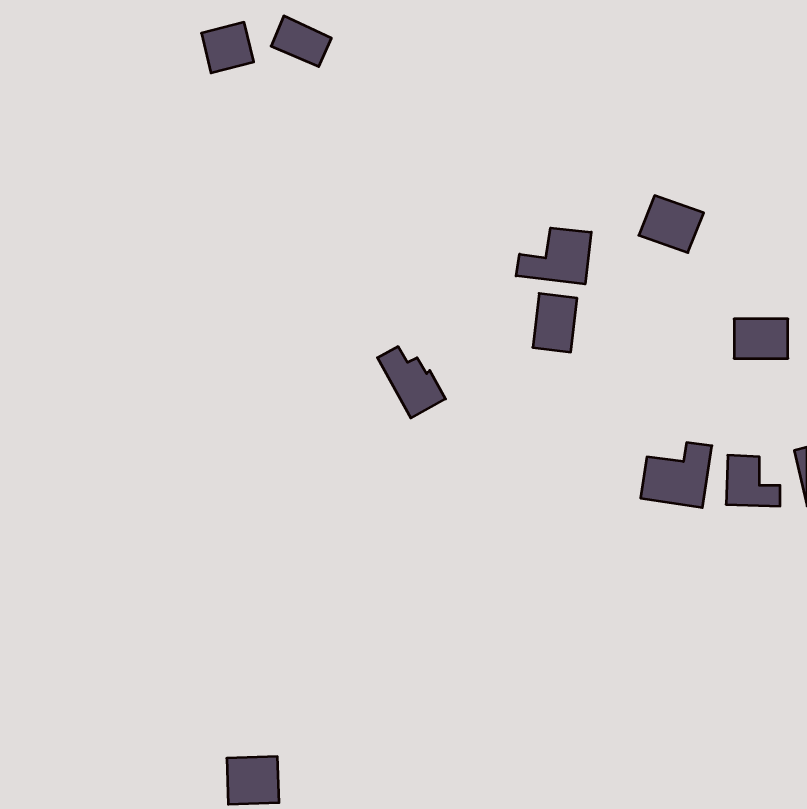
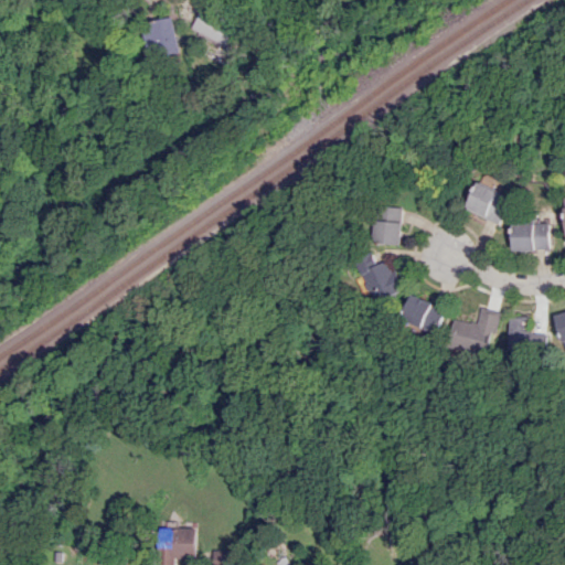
building: [639,196,704,253] -> [463,183,509,223]
building: [516,228,591,284] -> none
building: [377,347,446,418] -> [354,254,402,303]
building: none -> [399,295,444,333]

